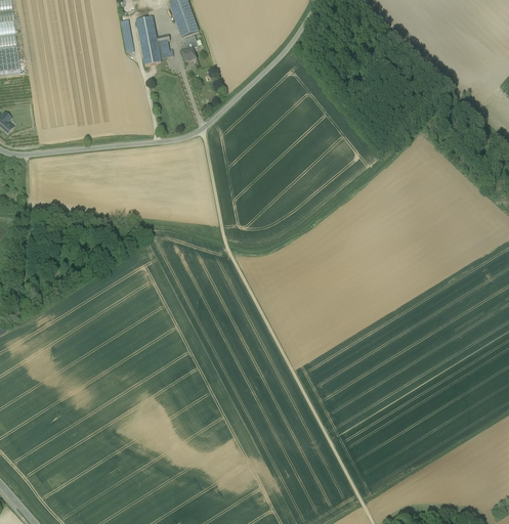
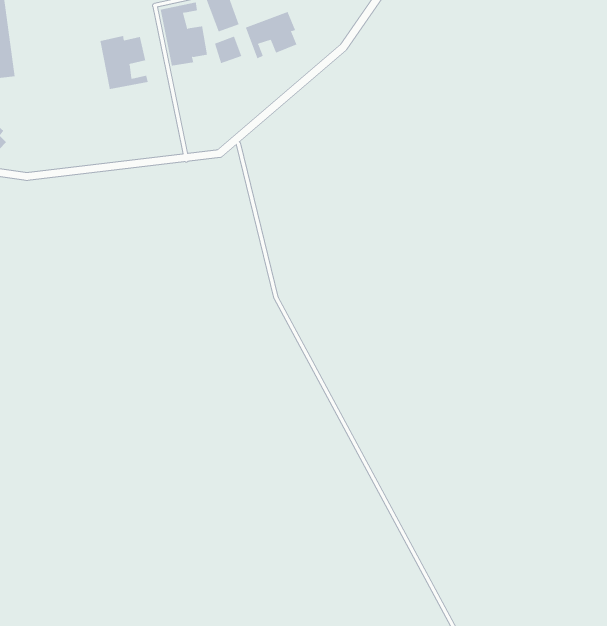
building: none -> [245,11,297,59]
building: none -> [100,35,149,90]

